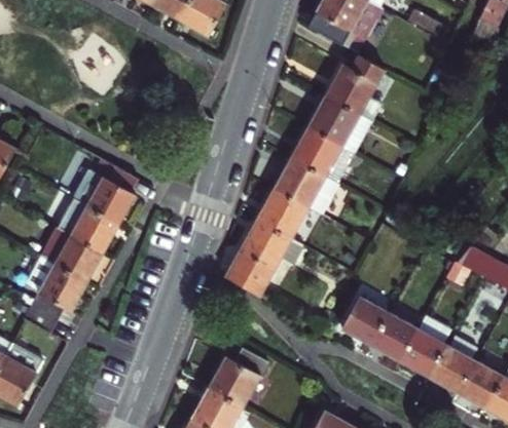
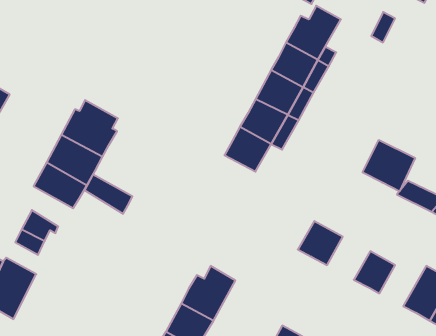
building: none -> [363,140,415,191]
building: [225,219,304,296] -> none
building: [34,254,87,298] -> [85,174,132,214]
building: [372,310,421,358] -> none
building: [431,328,483,388] -> none

